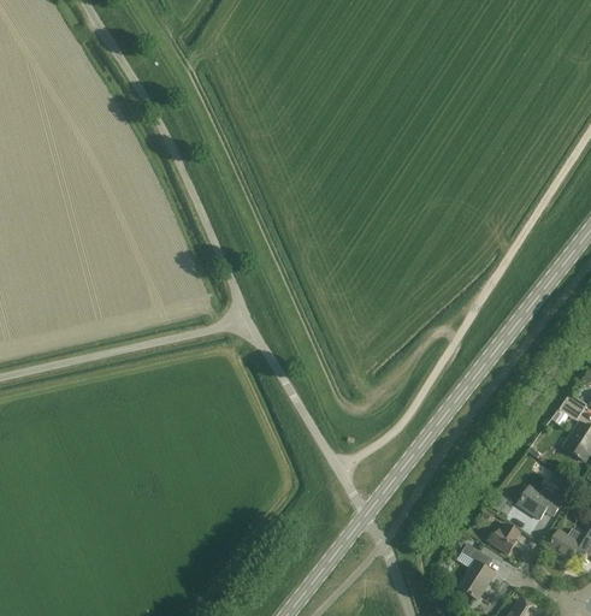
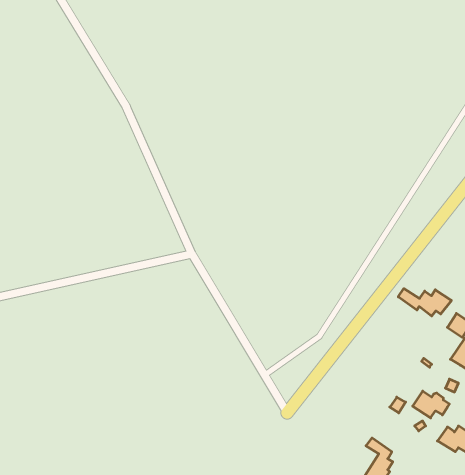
building: none -> [398,289,451,316]
building: [486,522,519,553] -> none

